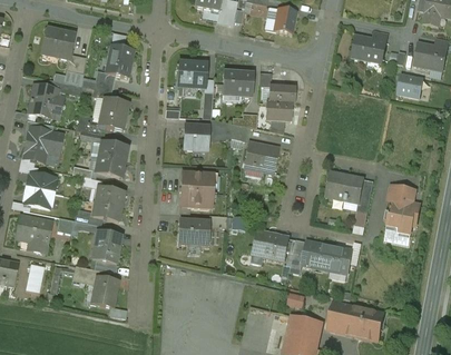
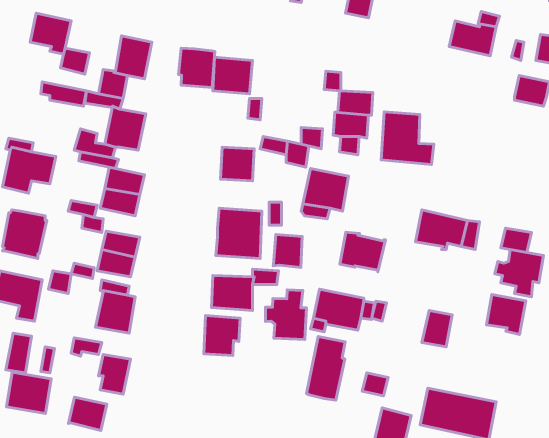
building: none -> [178,48,215,88]
building: [222,71,253,101] -> none
building: [28,85,58,118] -> none
building: none -> [381,112,434,164]
building: none -> [273,235,302,268]
building: none -> [265,290,307,340]
building: none -> [487,294,526,334]
building: [302,240,335,269] -> [340,232,385,272]
building: none -> [204,315,240,355]
building: none -> [307,336,345,400]
building: none -> [7,372,51,413]
building: none -> [69,397,107,430]

